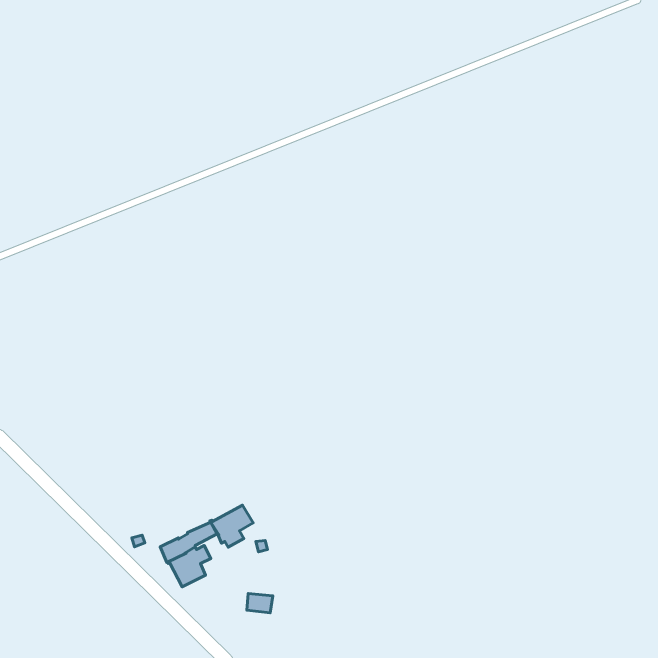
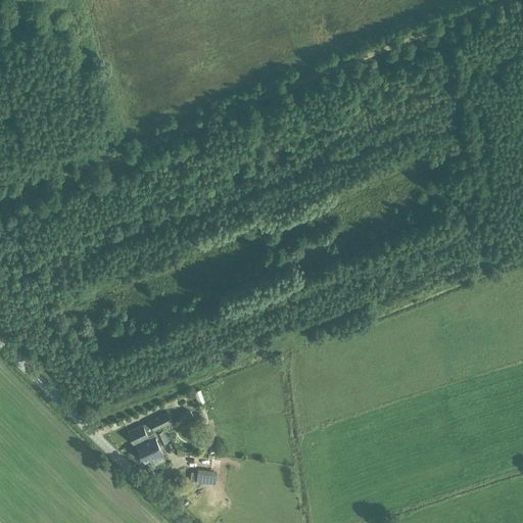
building: [210,505,253,547] -> none

